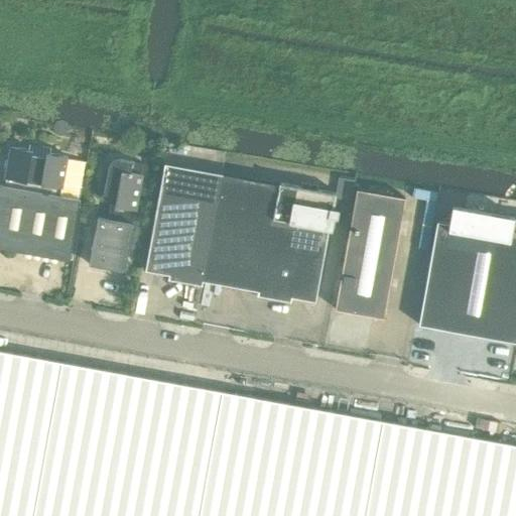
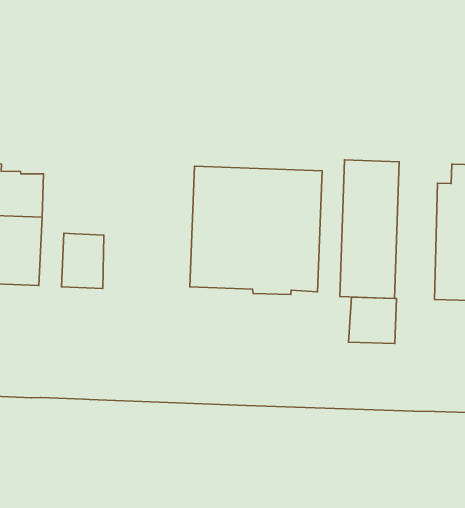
building: [104,160,143,225] -> none
building: [145,164,223,285] -> none
building: none -> [349,297,396,344]

